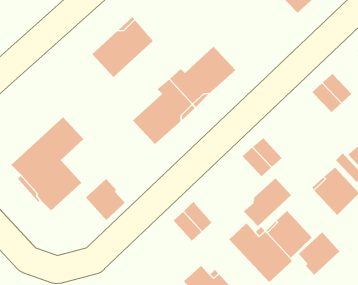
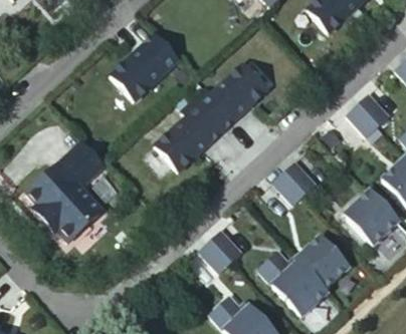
building: [243,177,292,227] -> none
building: [85,178,126,221] -> none
building: [298,231,340,275] -> none

